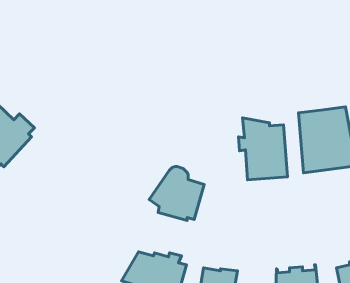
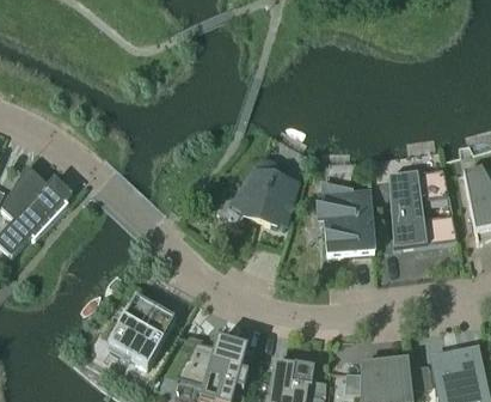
building: [149,167,204,221] -> [232,160,297,225]
building: none -> [108,296,174,366]

